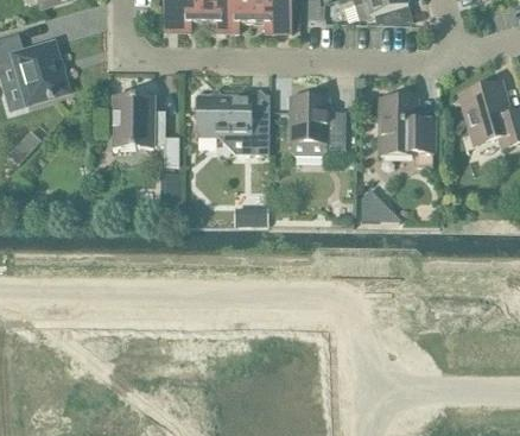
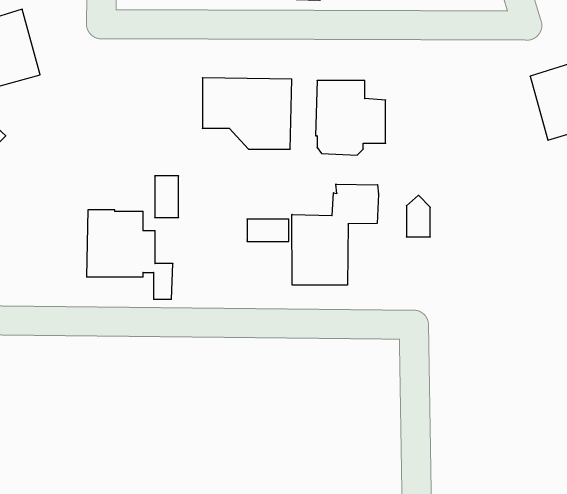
building: [110,94,179,165] -> [87,210,173,299]
building: [379,96,433,165] -> none
building: none -> [292,184,378,285]

